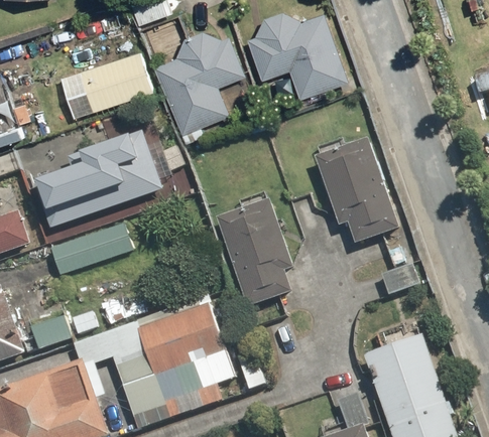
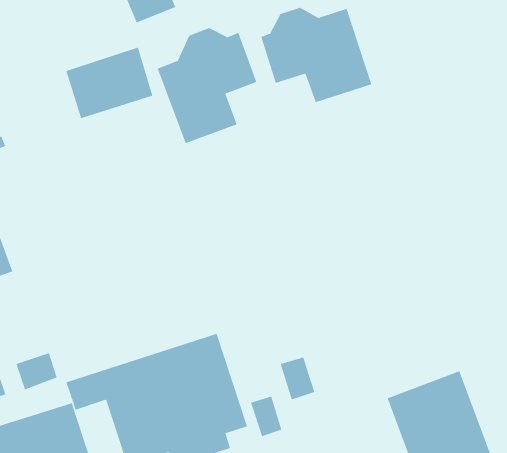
building: [24,130,161,235] -> none
building: [313,140,399,243] -> none
building: [215,196,289,306] -> none
building: [48,220,133,275] -> none

